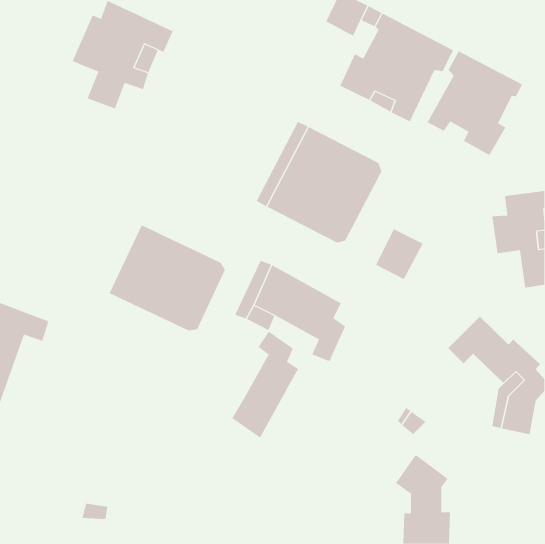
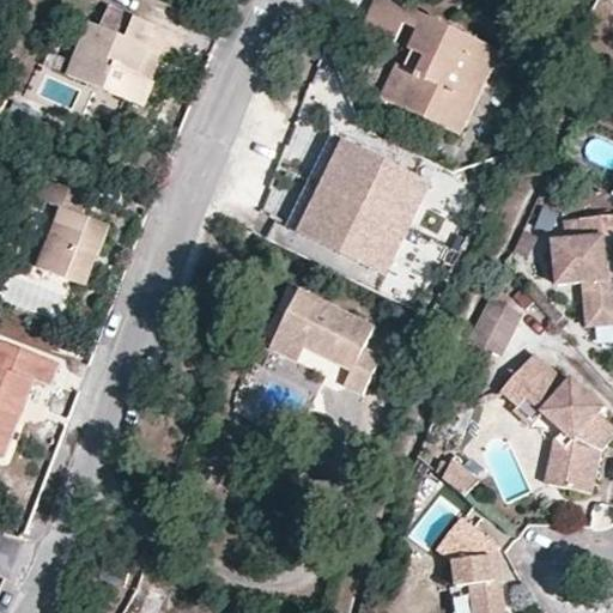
building: [427,51,523,156] -> none
building: none -> [35,174,104,280]
building: [109,224,225,331] -> none
building: [375,228,423,280] -> [469,296,523,353]
building: [232,331,299,439] -> none

